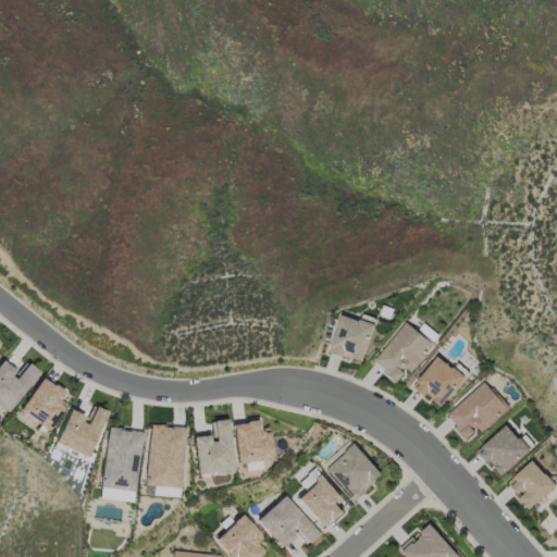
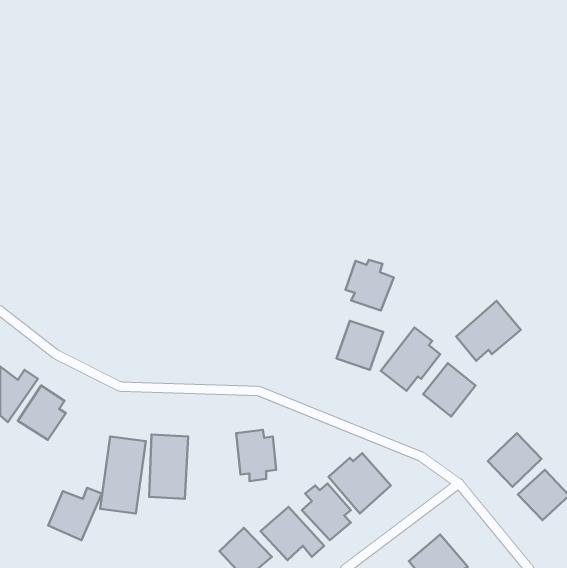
building: none -> [345,260,394,310]
building: [447,381,510,440] -> [456,301,521,361]
building: [55,407,108,458] -> [48,488,102,540]
building: [193,419,234,475] -> none

